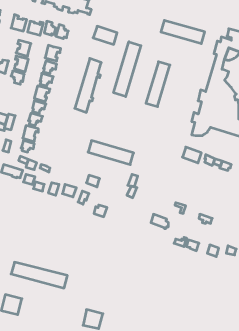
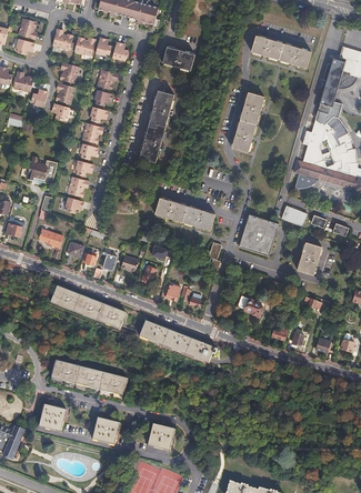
building: [114,42,141,97] -> none
building: none -> [239,213,279,255]
building: none -> [297,240,321,273]
building: none -> [50,286,126,328]
building: none -> [139,320,217,362]
building: none -> [92,416,119,443]

